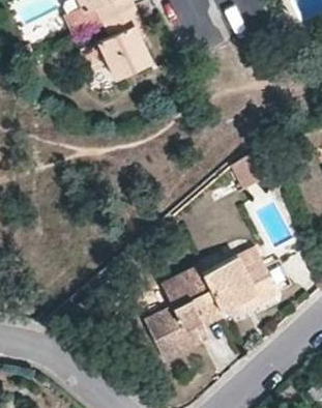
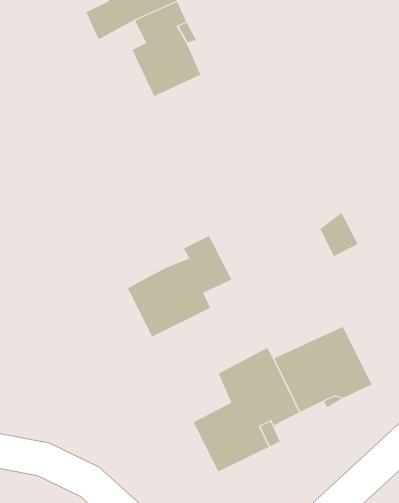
building: none -> [127,235,232,337]

